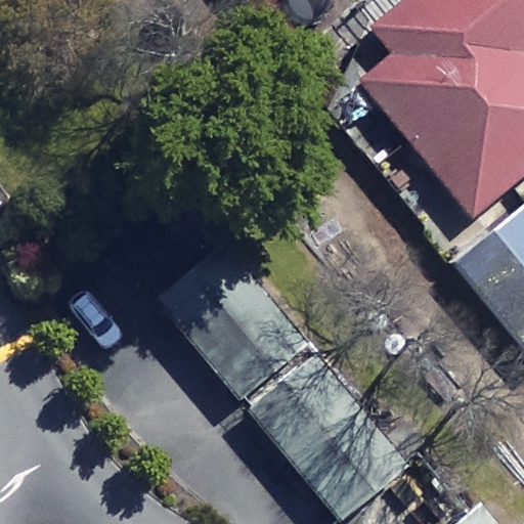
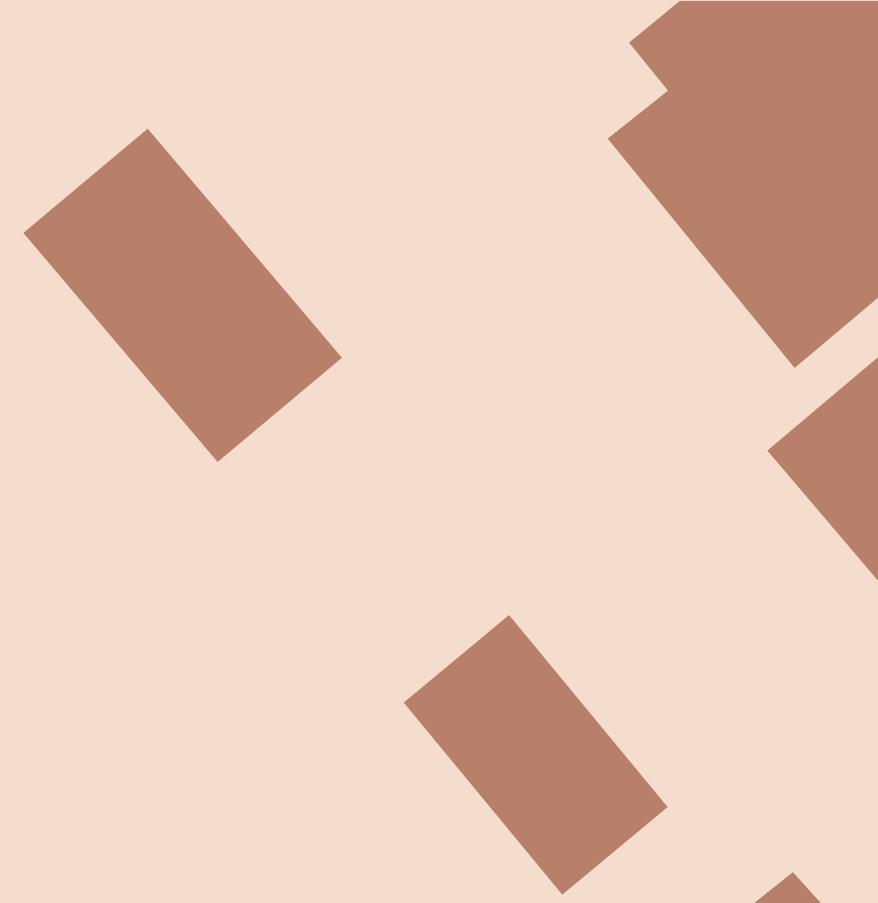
building: none -> [22,127,343,463]
building: [156,242,307,399] -> none

